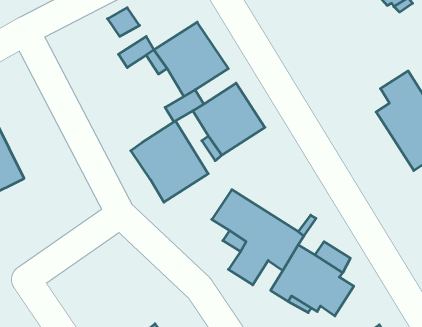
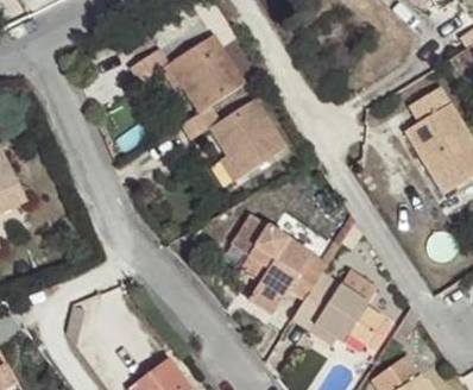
building: [131,121,208,202] -> none

